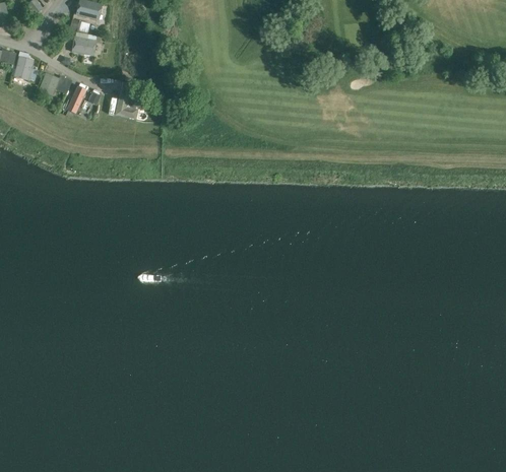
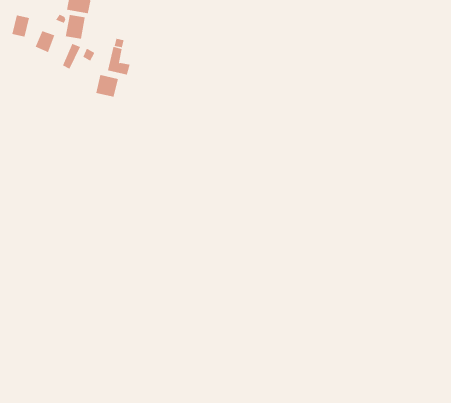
building: none -> [65,14,86,39]
building: none -> [95,74,119,98]

